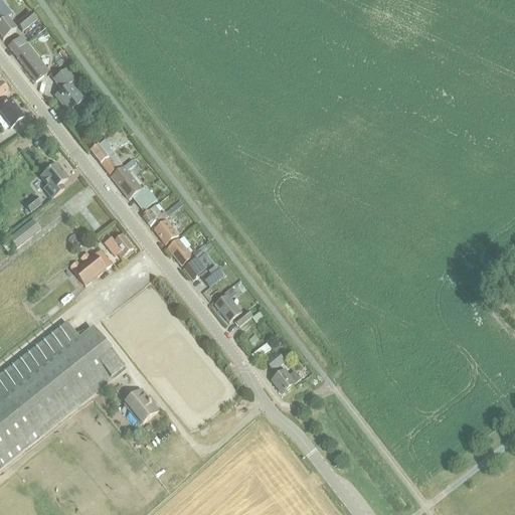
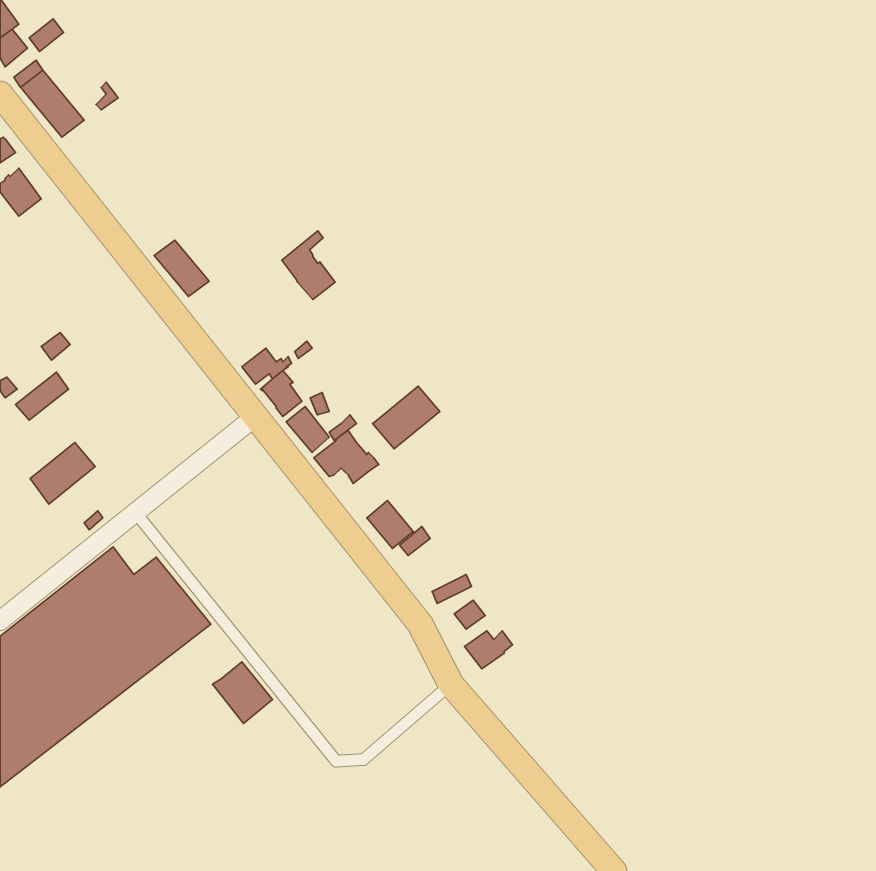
building: [53,68,83,111] -> none
building: [112,159,143,199] -> [282,231,335,299]
building: [40,163,67,198] -> none
building: none -> [372,386,440,449]
building: [105,234,134,258] -> none
building: [74,249,113,286] -> [30,443,95,504]

